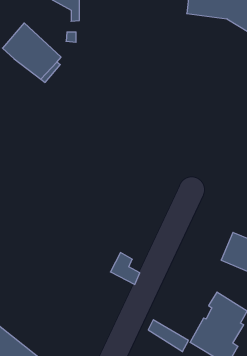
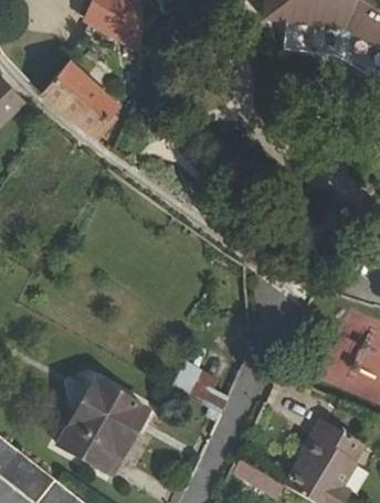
building: none -> [49,374,137,467]

